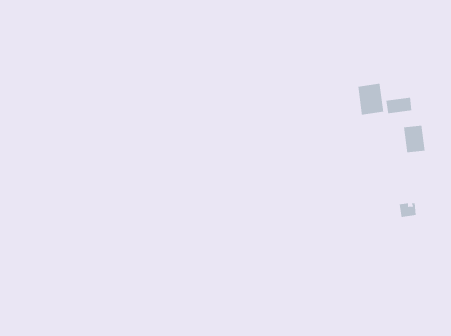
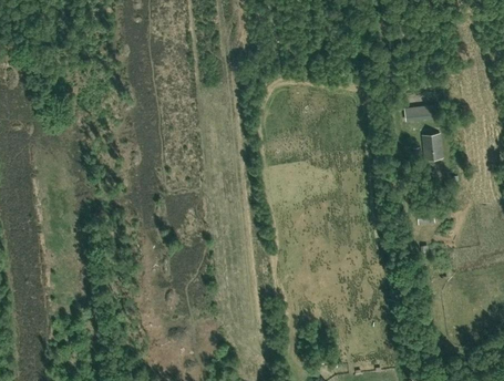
building: [358,83,384,115] -> none

